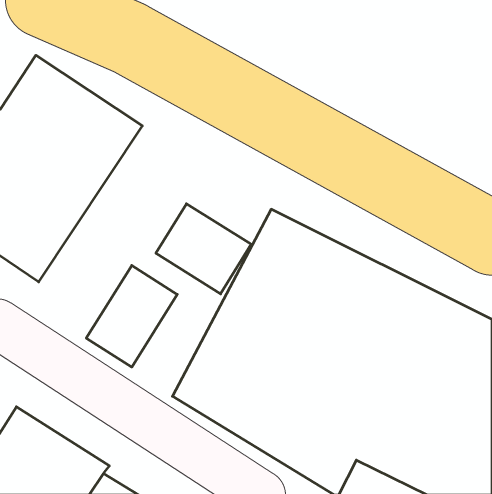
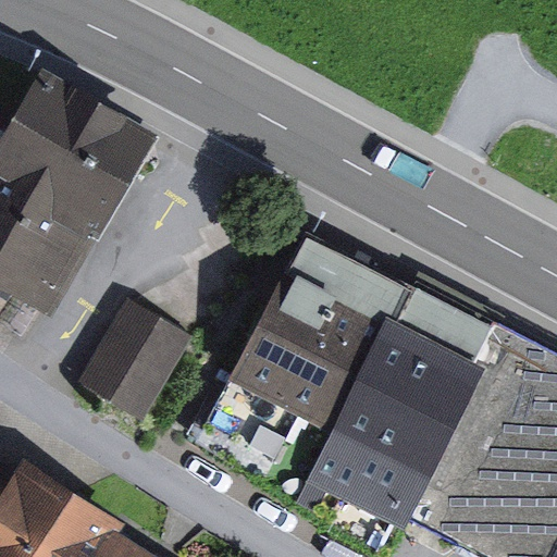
building: [156,204,251,294] -> none

